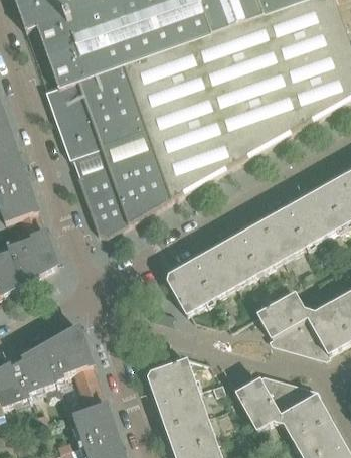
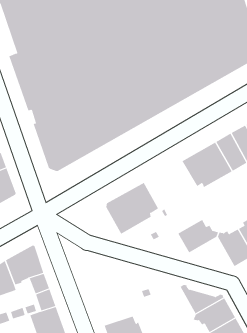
building: [215,221,281,281] -> none
building: [271,316,327,355] -> none
building: [148,358,202,427] -> none
building: [236,378,279,429] -> none

